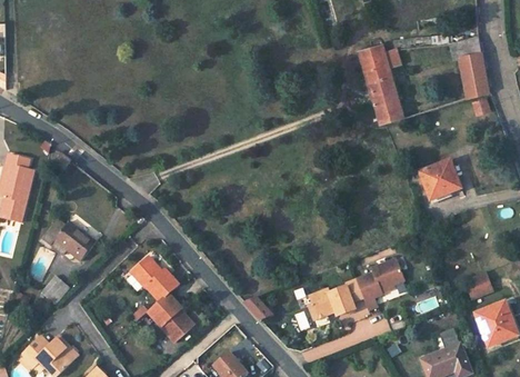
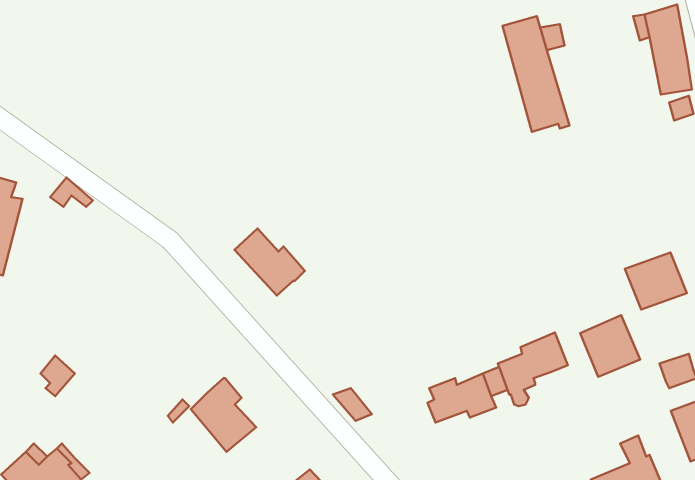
building: [418,161,460,200] -> [625,252,687,310]
building: [43,220,94,261] -> none
building: none -> [580,315,640,377]
building: [129,256,177,301] -> [235,229,305,295]

